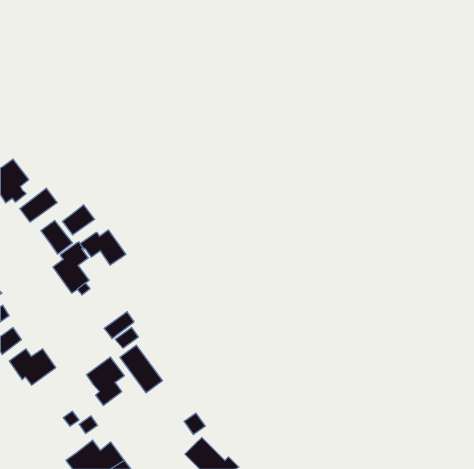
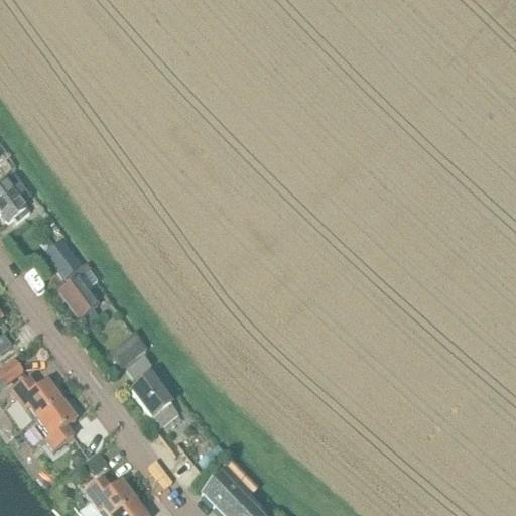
building: [20,188,57,222] -> none
building: [62,205,95,235] -> none
building: [80,230,126,265] -> none
building: [86,357,124,405] -> [35,398,77,450]

